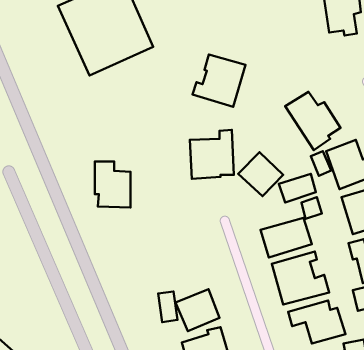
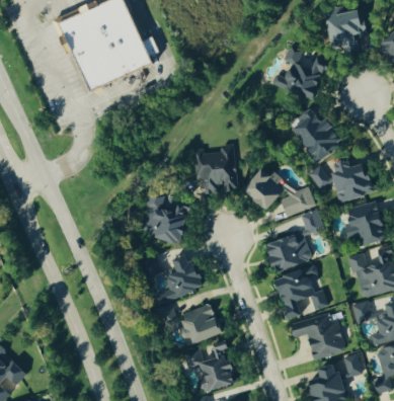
building: [192,55,246,107] -> [271,48,324,99]
building: [95,162,131,208] -> [146,195,181,241]
building: none -> [155,255,203,301]

